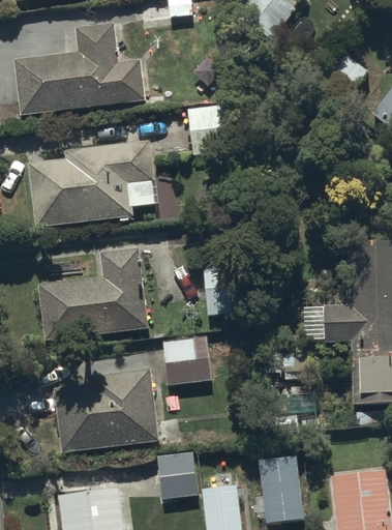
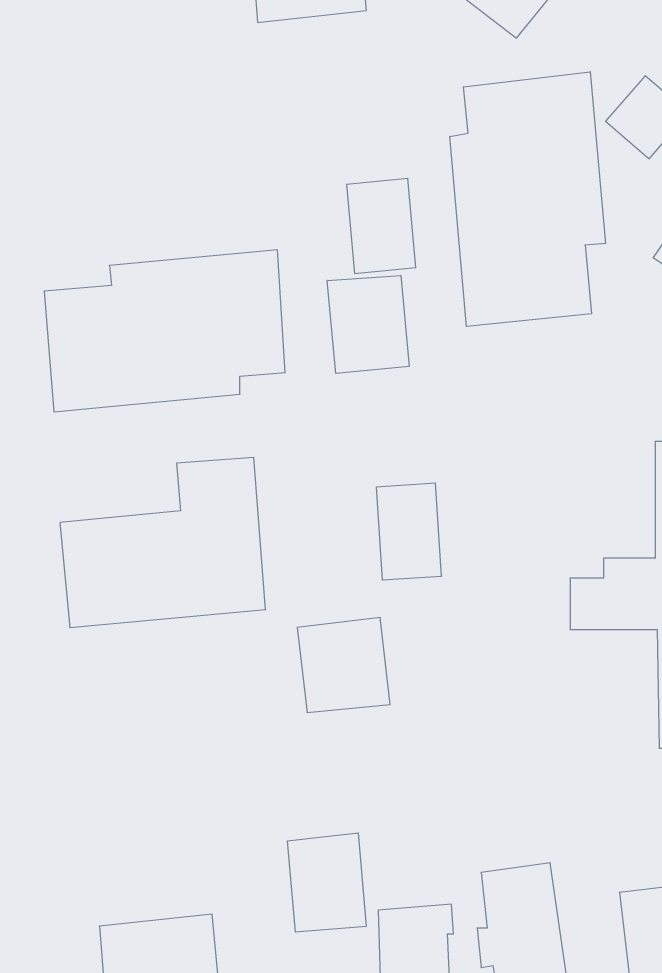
building: [14,24,146,114] -> none
building: none -> [450,72,606,326]
building: none -> [327,275,409,373]
building: [54,371,158,452] -> none

